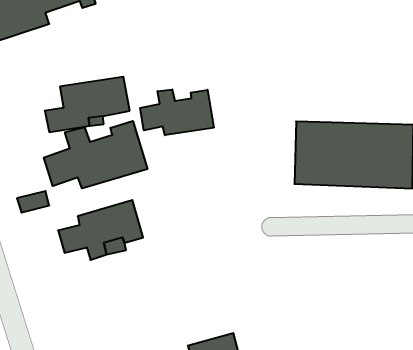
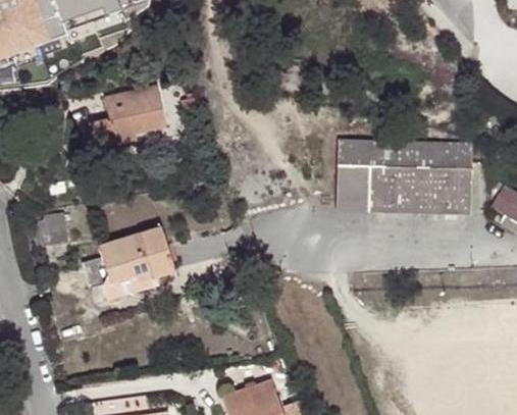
building: [140,89,214,135] -> none
building: [44,121,147,188] -> none

